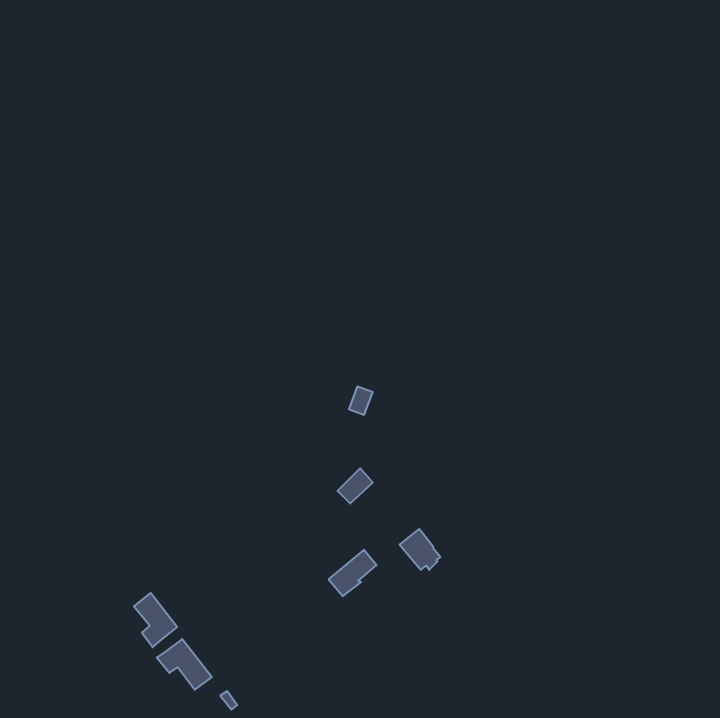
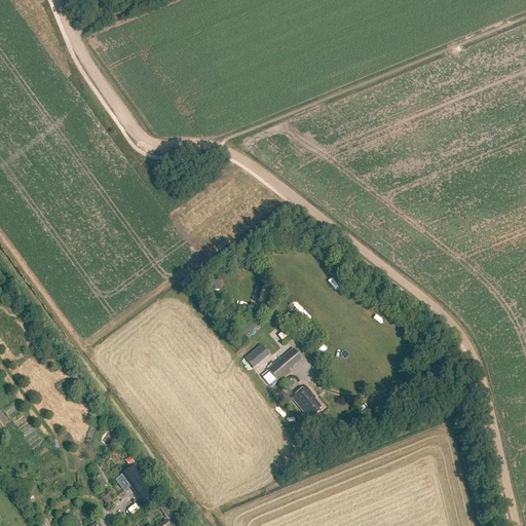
building: [329,550,377,596] -> [267,346,302,380]
building: [134,593,177,647] -> none

